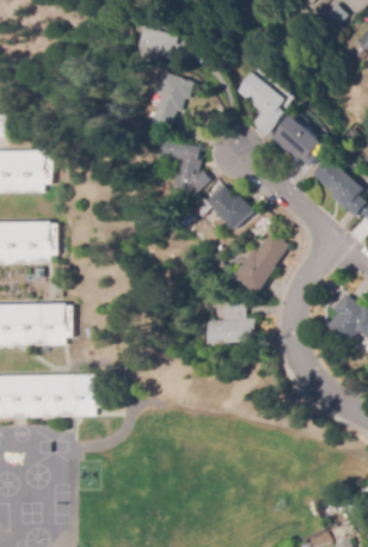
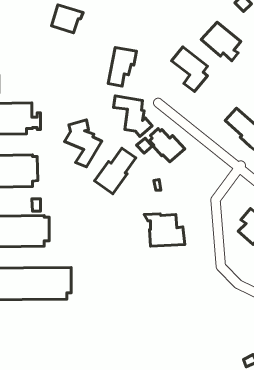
building: [133,26,176,64] -> [52,5,83,33]
building: [270,115,324,167] -> [201,22,241,61]
building: none -> [64,120,102,167]
building: [233,232,289,294] -> [94,148,136,194]

